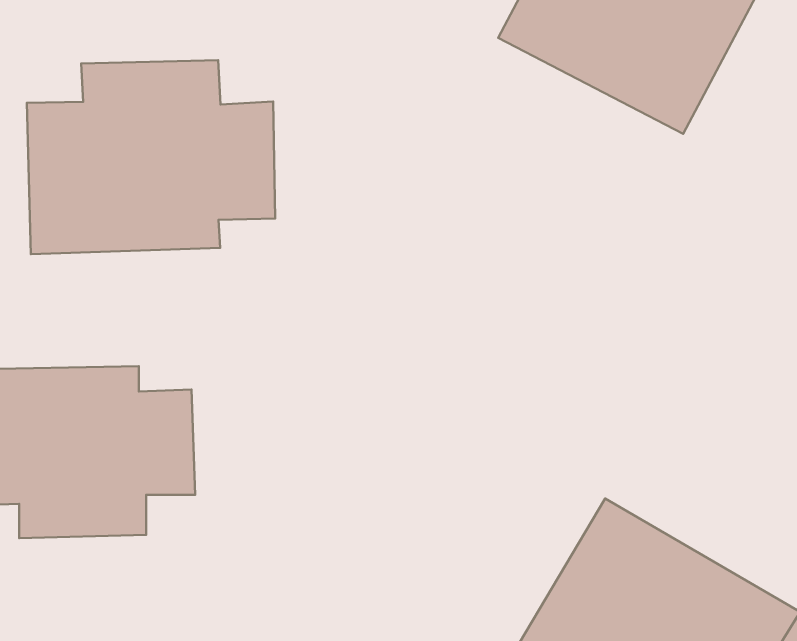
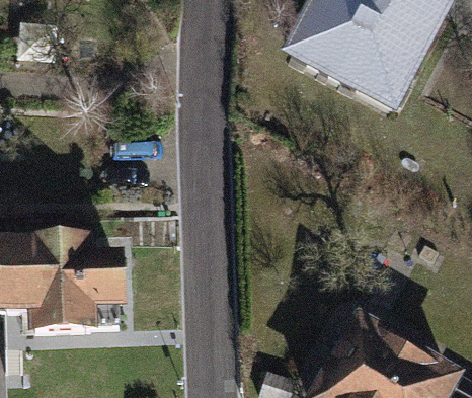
building: [27,60,275,254] -> none

